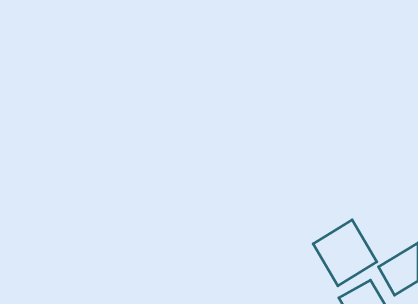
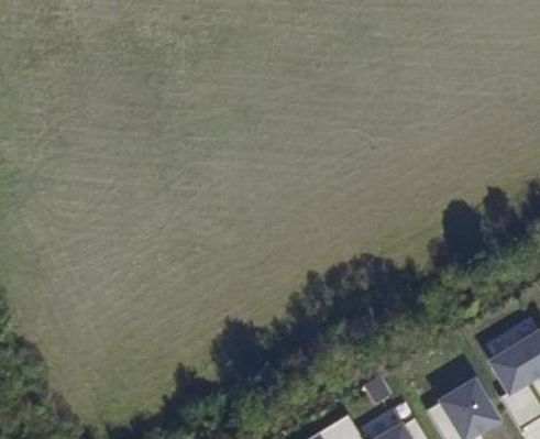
building: [313,220,377,286] -> none

